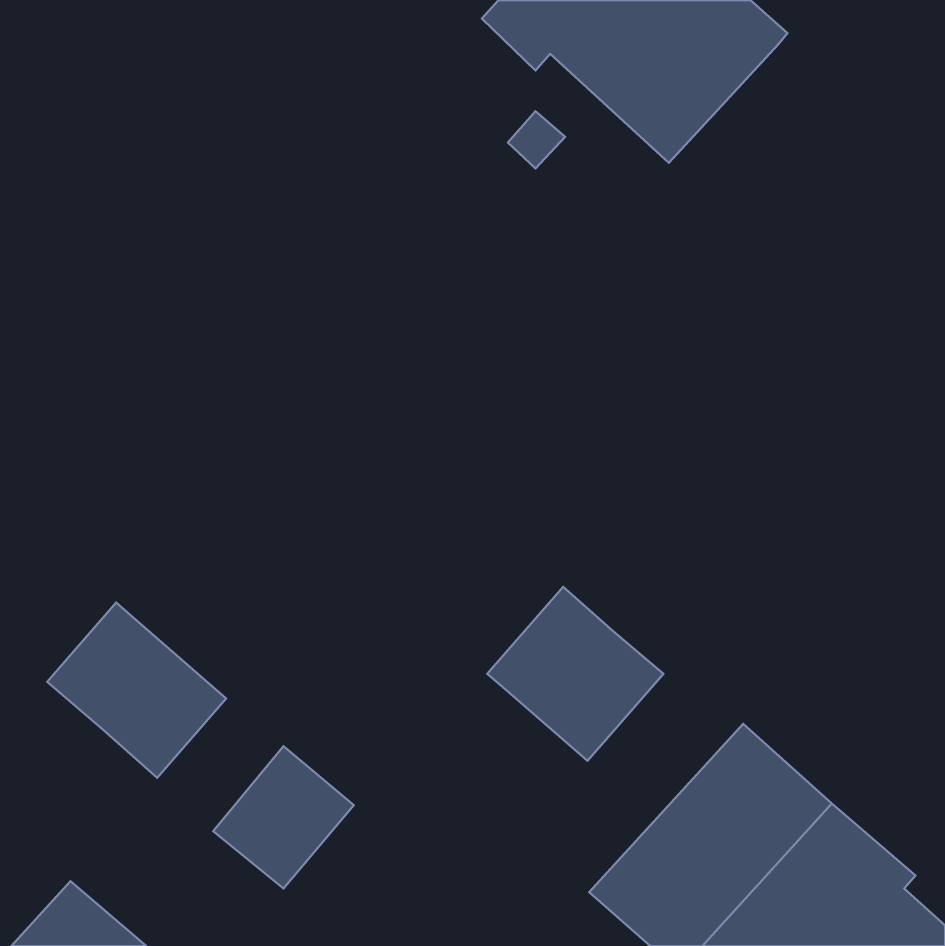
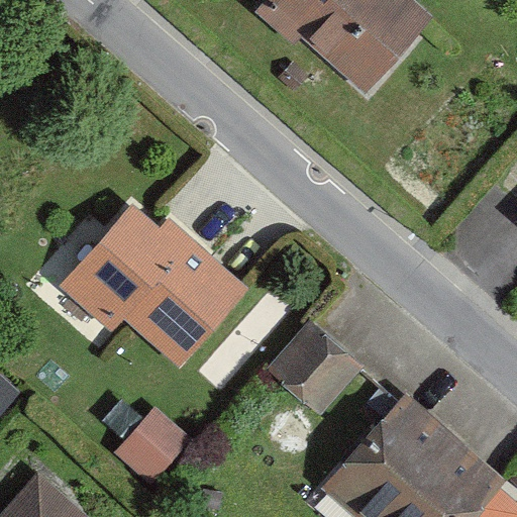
building: none -> [62,205,244,364]
building: [47,603,226,778] -> none

